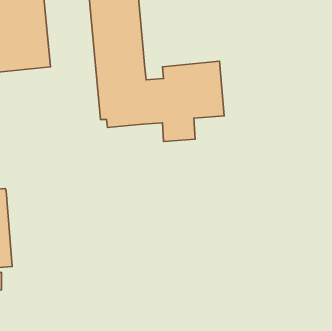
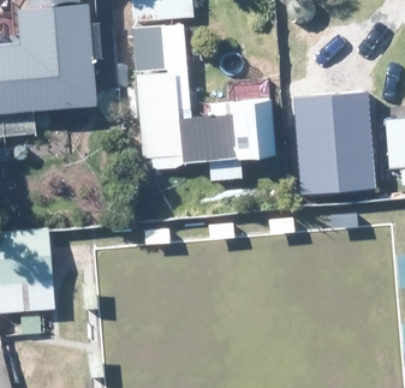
building: none -> [298,96,379,187]

